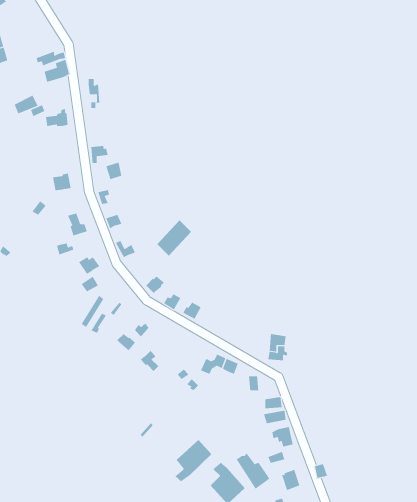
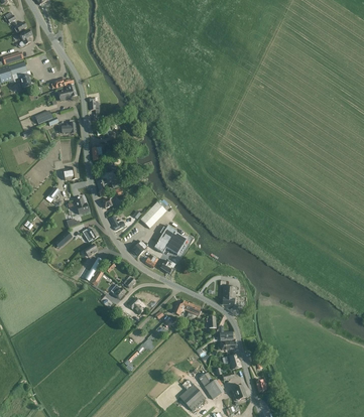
building: none -> [153,226,186,255]
building: [175,439,212,482] -> none

